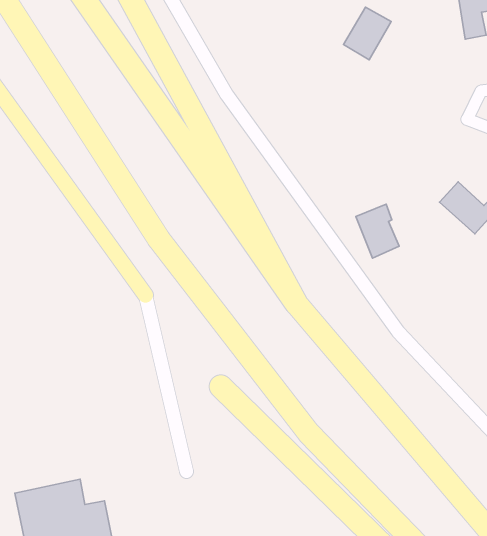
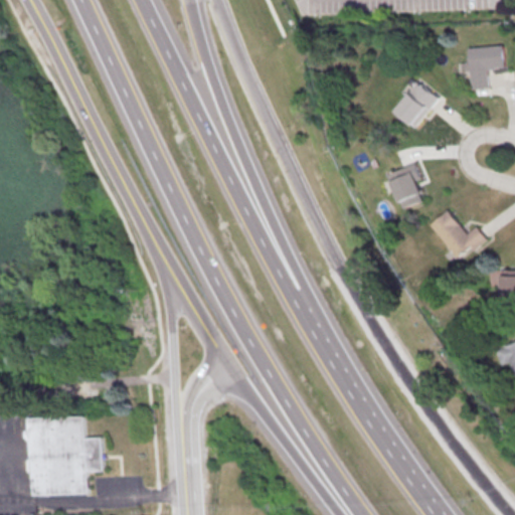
building: [343,7,391,60] -> [393,81,437,127]
building: [356,204,399,258] -> [387,164,420,208]

